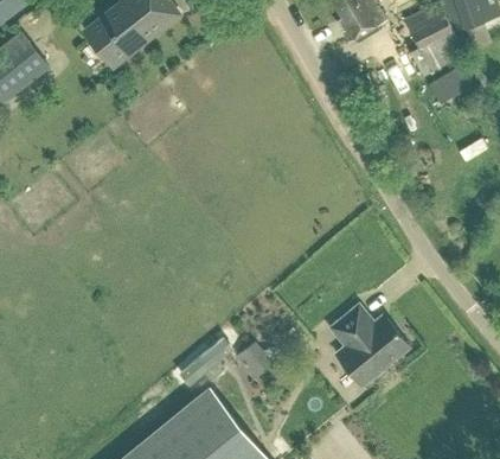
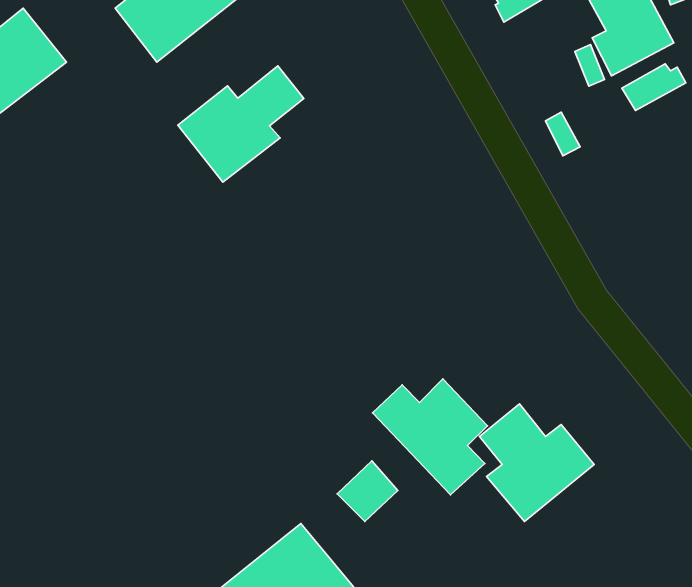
building: none -> [178,66,304,182]
building: none -> [372,379,488,495]

